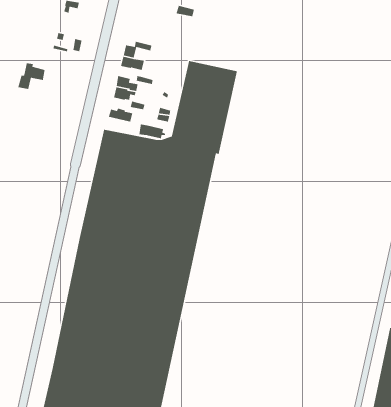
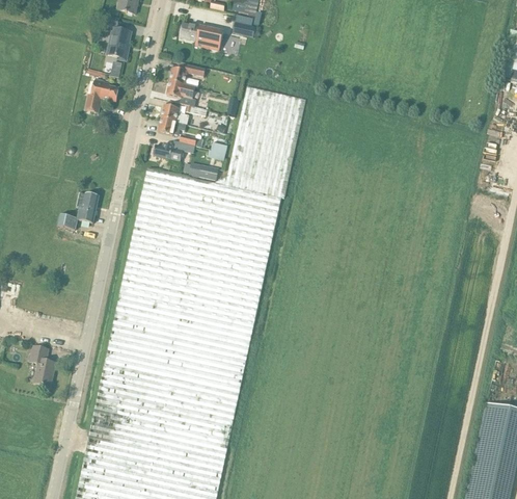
building: none -> [180,24,223,50]
building: none -> [108,28,131,58]
building: [17,63,45,90] -> [85,80,118,112]
building: none -> [58,192,99,230]
building: none -> [30,346,56,387]

